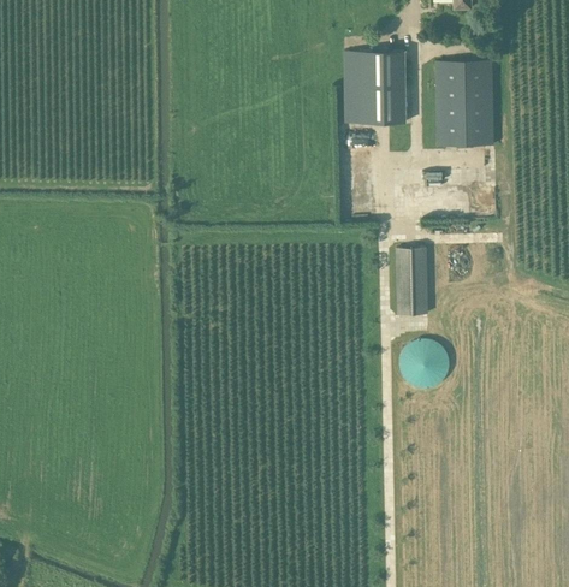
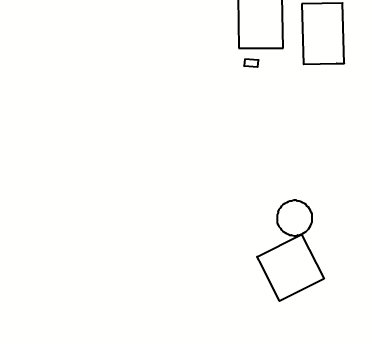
building: [393,247,427,314] -> none
building: none -> [257,234,324,301]

